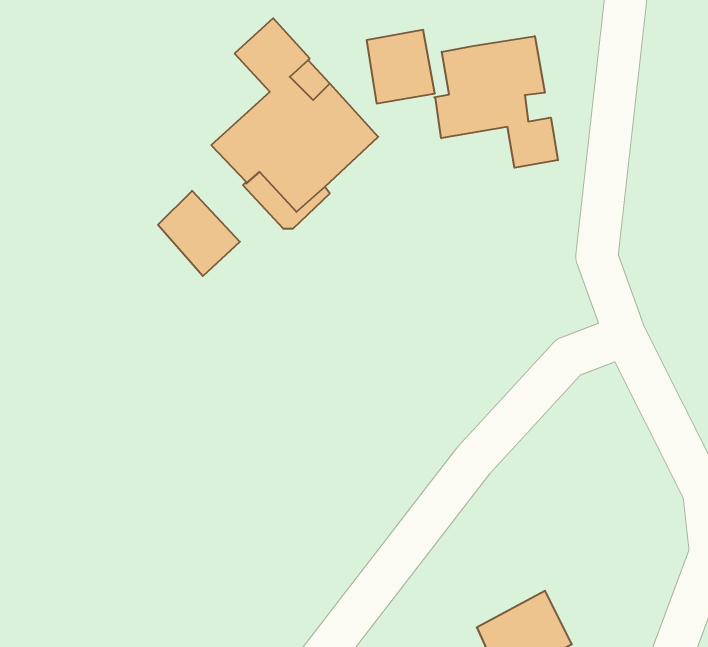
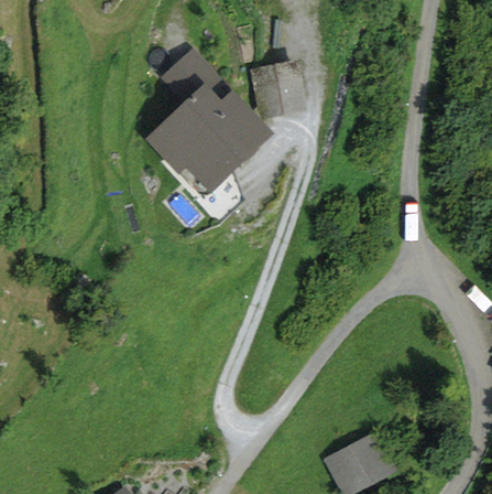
building: [434,36,558,168] -> none
building: [158,191,240,276] -> none

